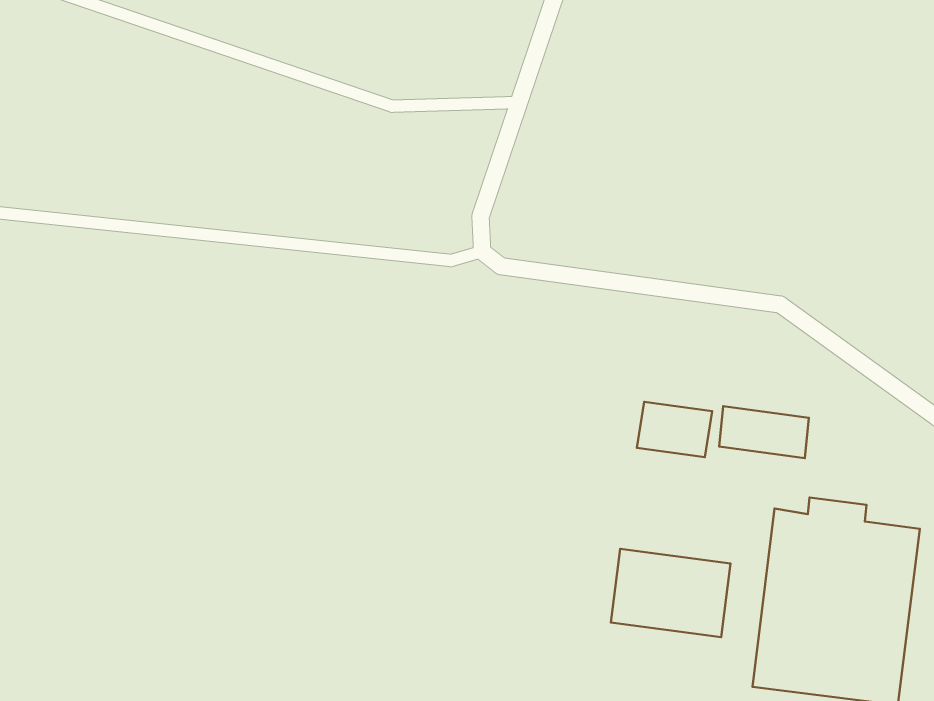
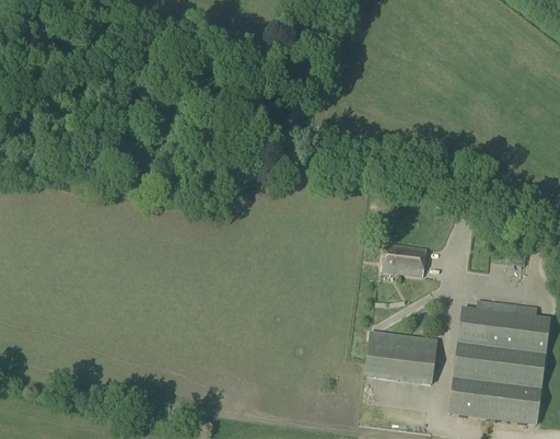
building: [719,406,809,458] -> none

